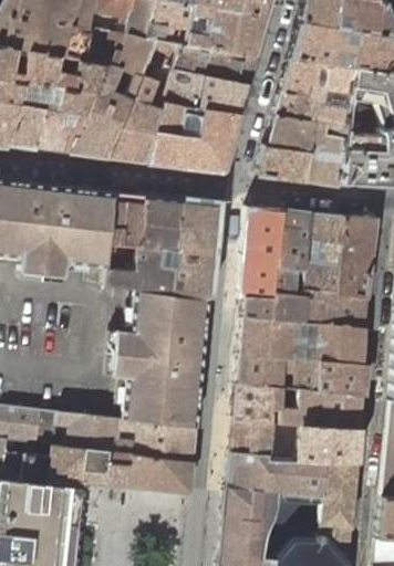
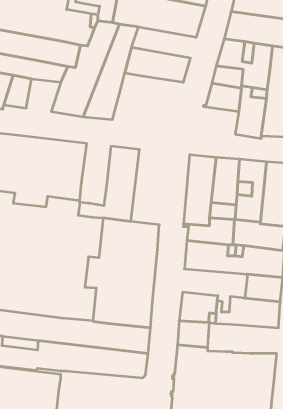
building: [173,44,256,84] -> none
building: [148,103,239,171] -> none
building: [38,111,82,153] -> none
building: [258,146,310,181] -> none
building: [106,193,146,270] -> none
building: [172,201,217,297] -> none
building: [238,354,321,391] -> none
building: [294,424,361,462] -> none

